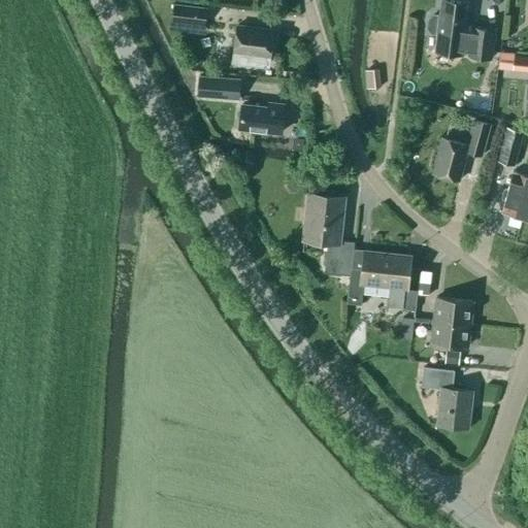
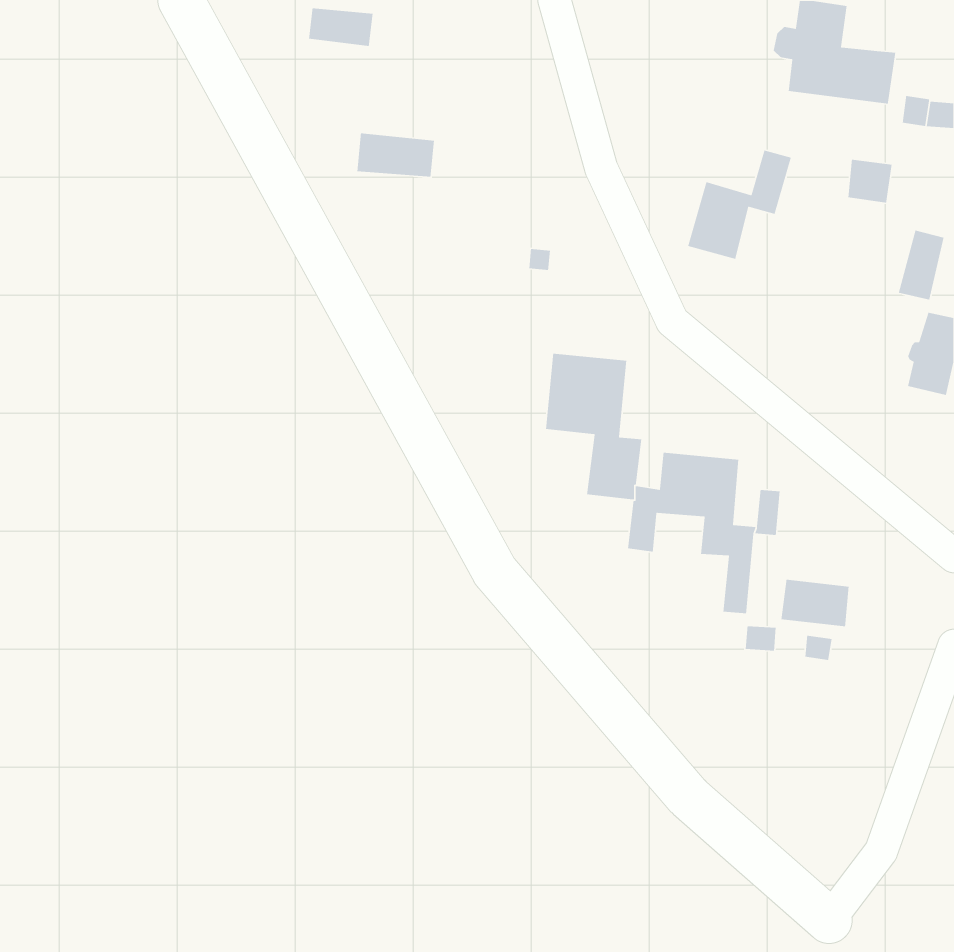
building: [233,27,273,68] -> none
building: [239,104,284,134] -> none
building: [432,121,490,182] -> [687,150,792,260]
building: [434,298,472,325] -> none
building: [421,368,472,429] -> none

